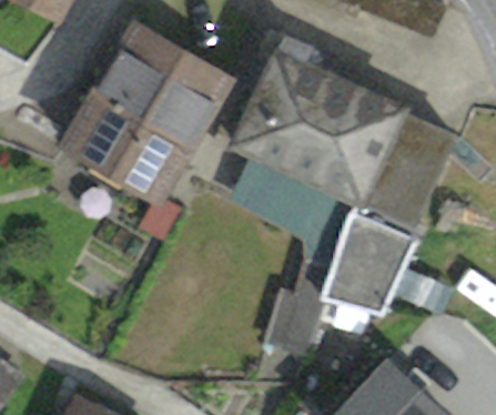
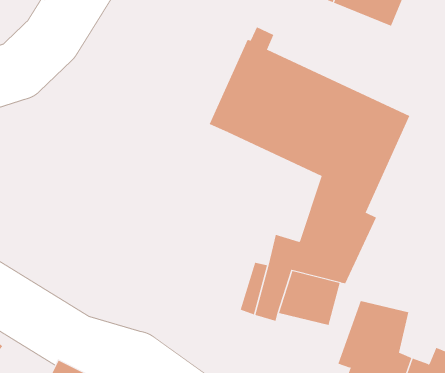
building: [64,22,225,193] -> none
building: [231,148,353,264] -> none

